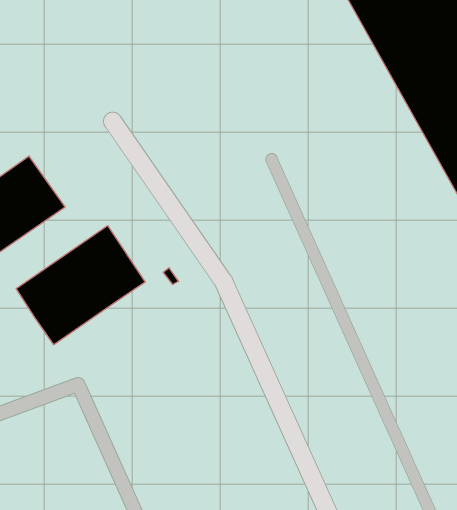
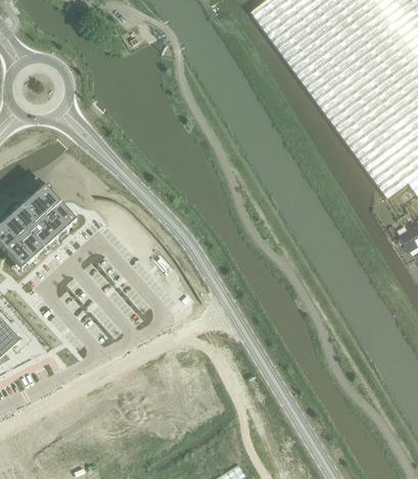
building: [16,226,145,345] -> none

